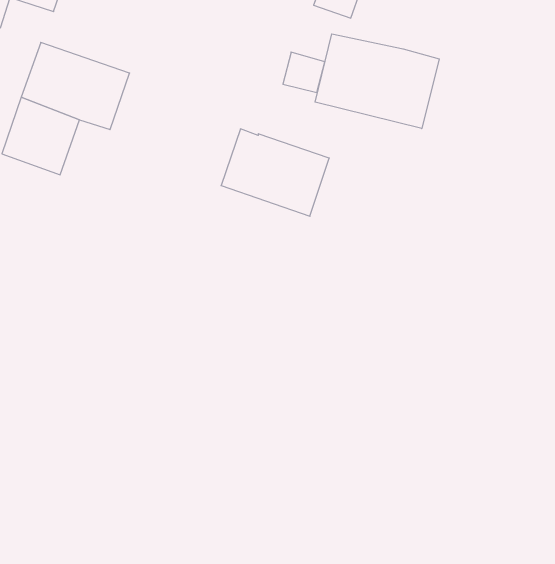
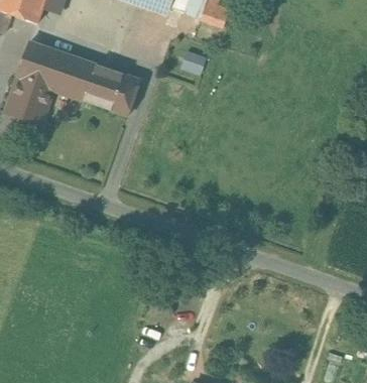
building: [315,34,439,129] -> none
building: [221,129,329,216] -> [73,61,140,116]

